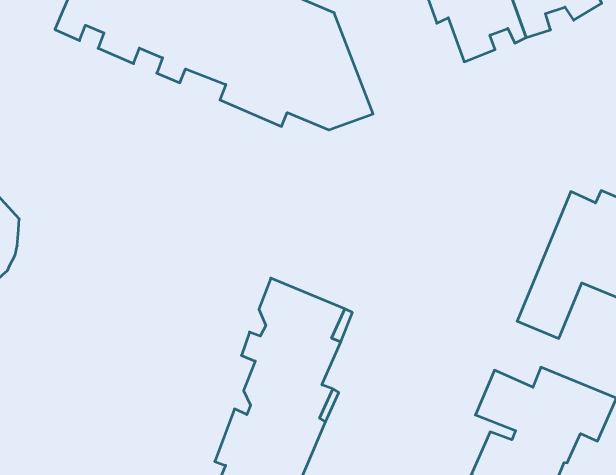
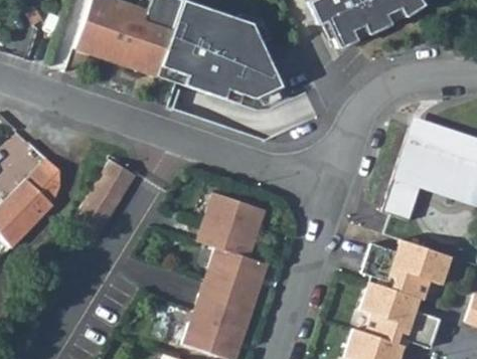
building: none -> [76,157,138,235]

